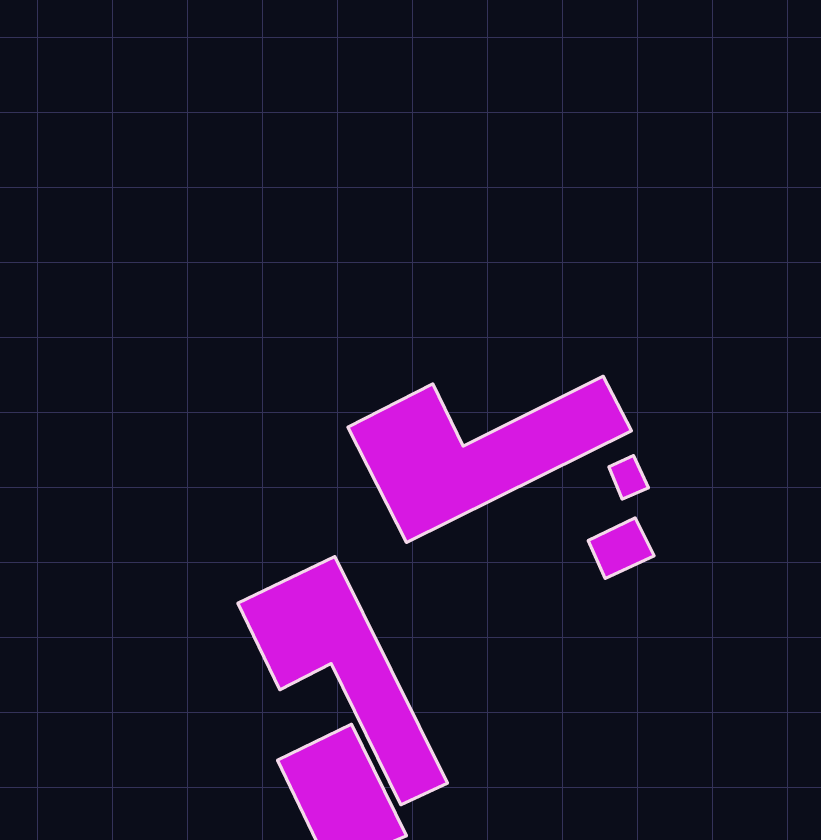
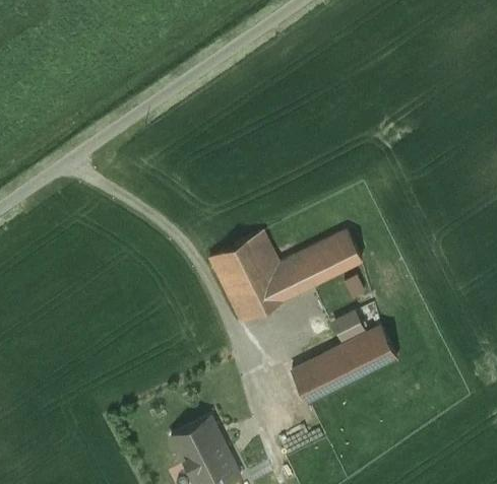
building: none -> [292,325,395,402]
building: [238,557,447,805] -> none

